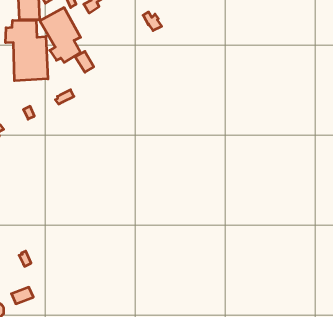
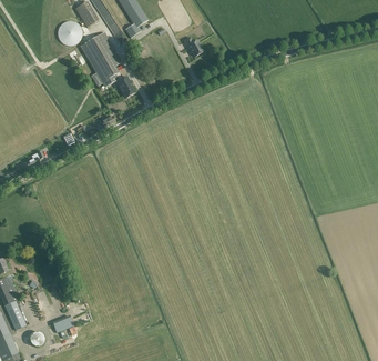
building: [6,20,48,81] -> none

